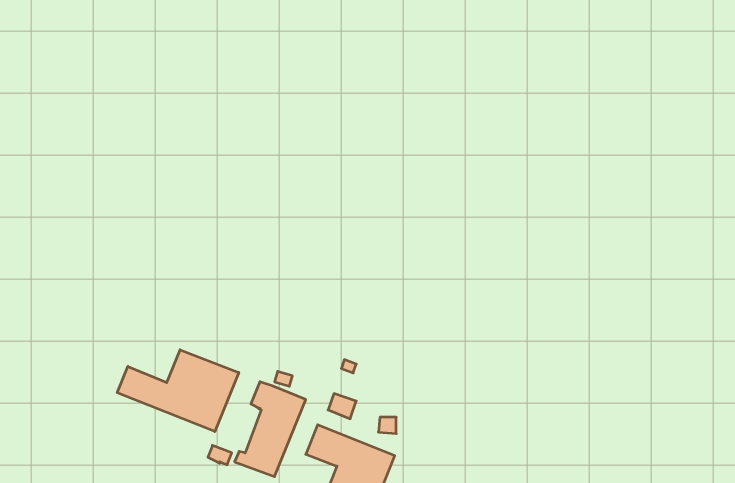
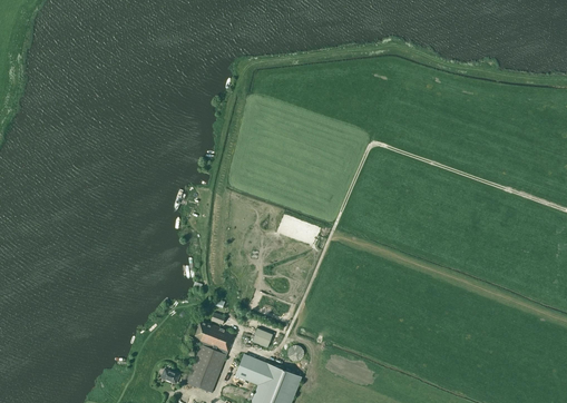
building: [117,350,239,432] -> none

